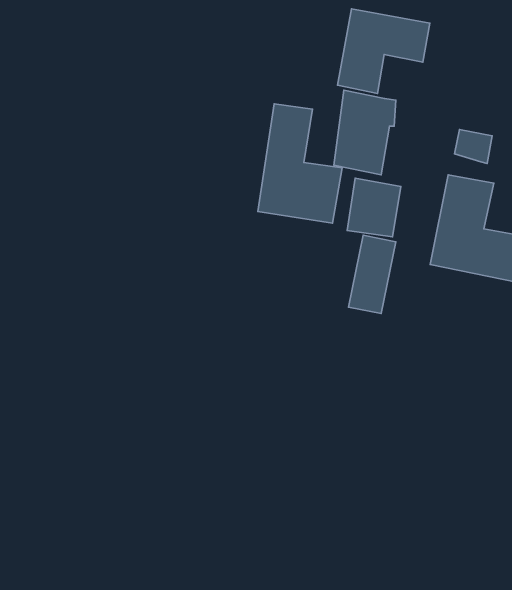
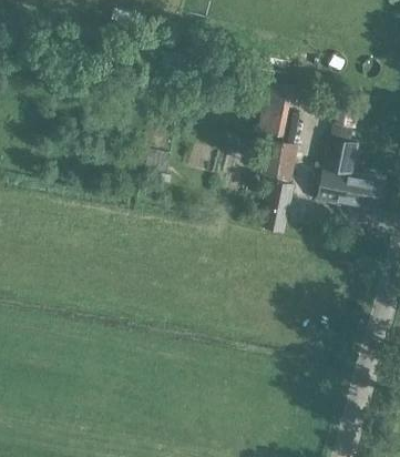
building: [337,9,430,93] -> none
building: [258,104,342,223] -> none

